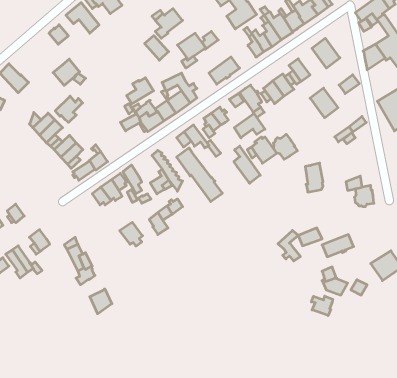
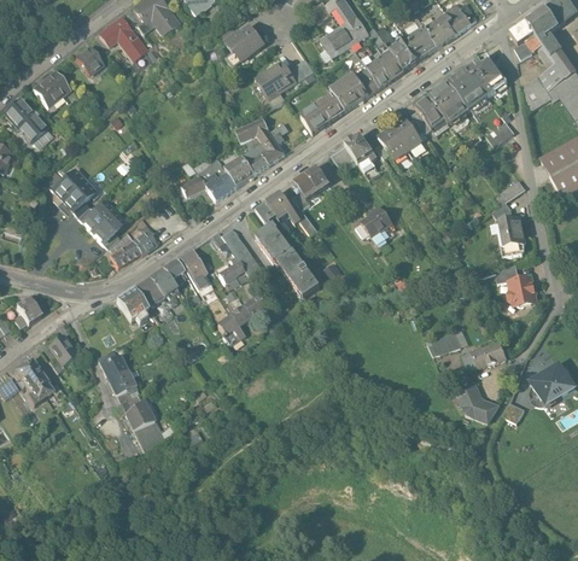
building: none -> [467,52,508,94]
building: [145,36,169,60] -> none
building: none -> [333,77,368,109]
building: [53,59,80,85] -> [31,72,69,110]
building: [127,78,154,104] -> none
building: [310,88,338,118] -> [428,81,468,123]
building: [55,96,83,122] -> none
building: [234,113,265,138] -> none
building: [273,134,297,159] -> none
building: [234,146,260,183] -> none
building: [305,163,323,192] -> [500,215,525,256]
building: [120,222,143,246] -> [116,290,148,323]
building: [278,230,300,261] -> none
building: none -> [124,398,153,433]
building: [311,296,333,316] -> none

